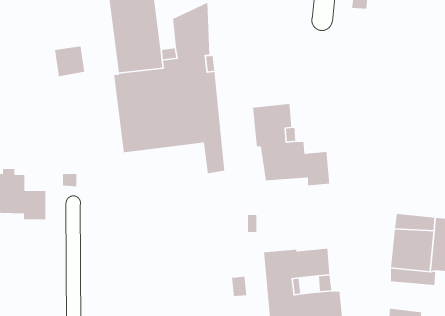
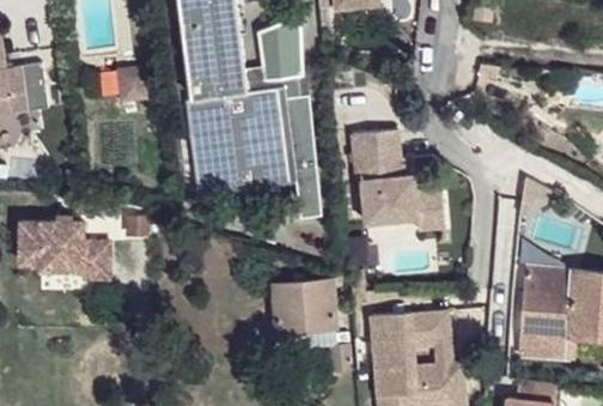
building: none -> [273,278,331,346]

